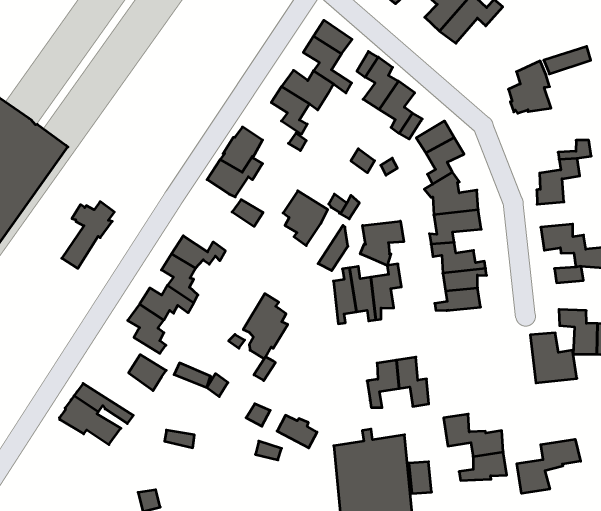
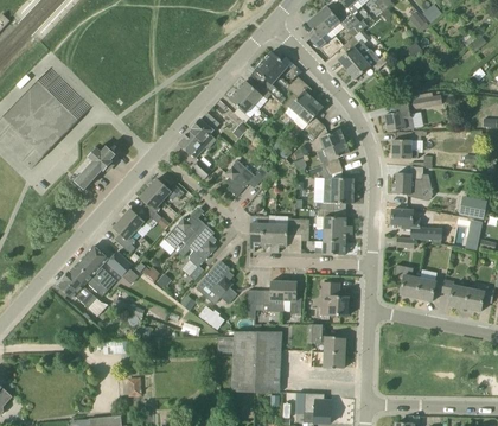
building: none -> [392,132,420,159]
building: [360,221,404,266] -> none
building: none -> [164,216,204,249]
building: [530,333,577,383] -> [320,282,347,316]
building: none -> [196,260,236,305]
building: none -> [76,246,115,291]
building: [517,439,581,493] -> none

